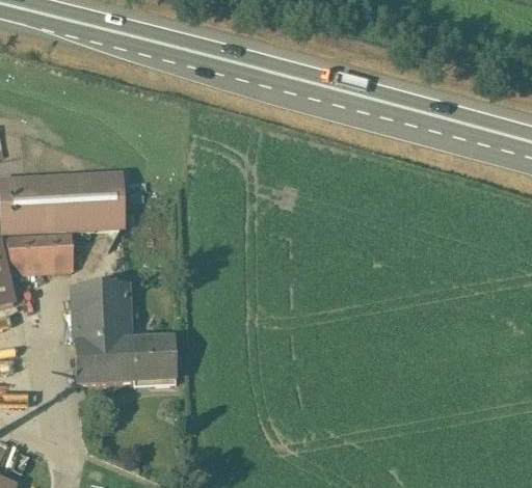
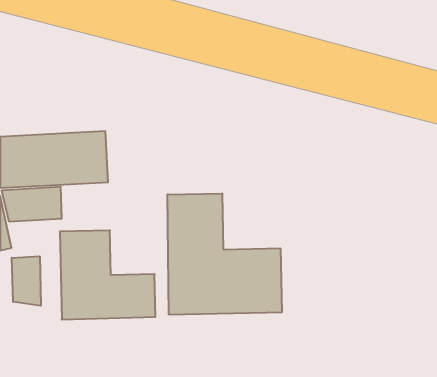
building: none -> [167,193,282,315]
building: none -> [12,256,41,306]

